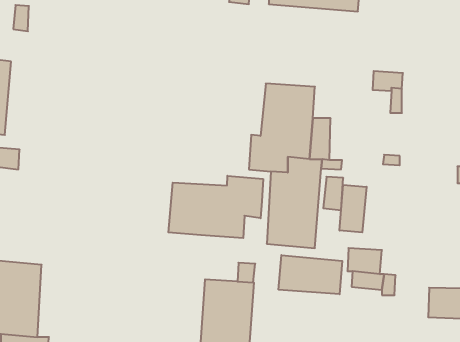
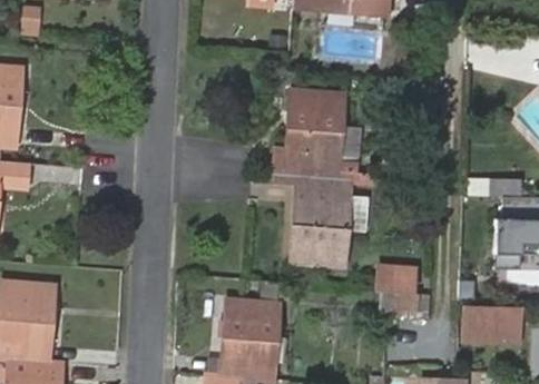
building: [168,176,263,238] -> none
building: [340,185,367,232] -> none
building: [279,255,342,294] -> none

